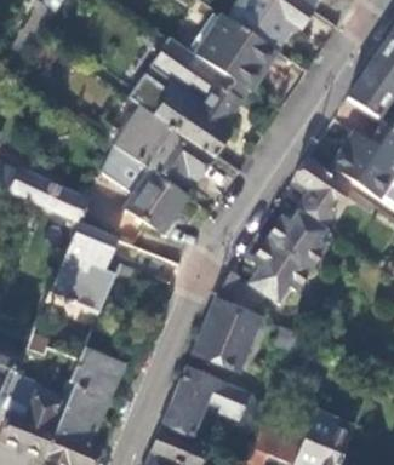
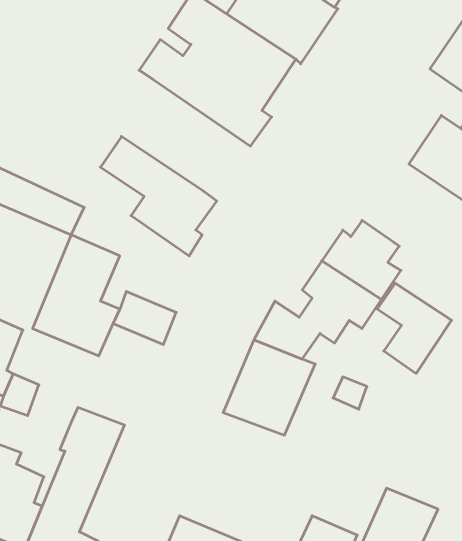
building: [101,104,213,188] -> none
building: [292,159,348,226] -> [377,283,452,373]
building: [164,364,251,435] -> none

